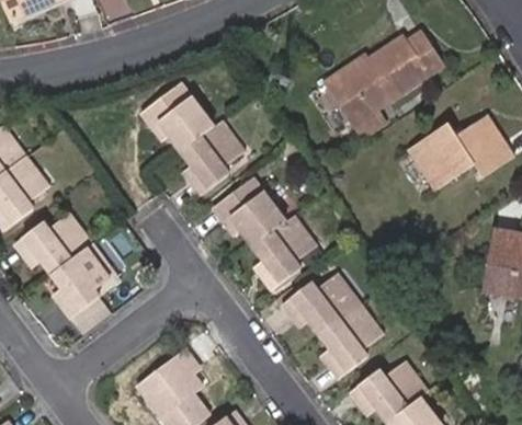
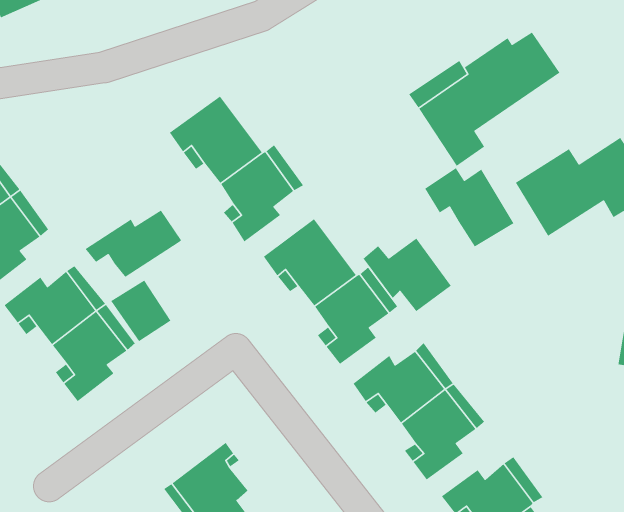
building: none -> [424,167,514,248]
building: none -> [85,210,182,278]
building: none -> [363,237,452,312]

